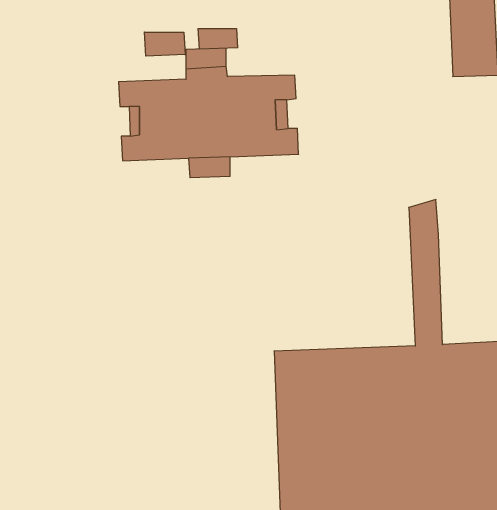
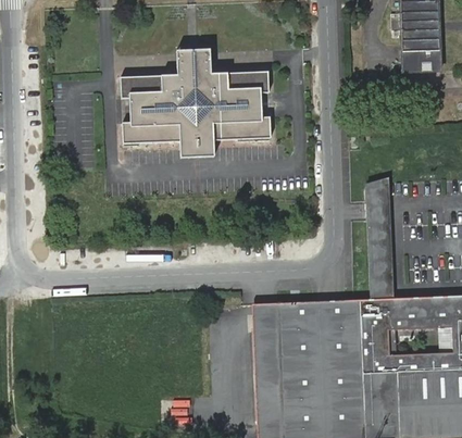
building: [198,29,238,49] -> none
building: [144,32,185,56] -> none

